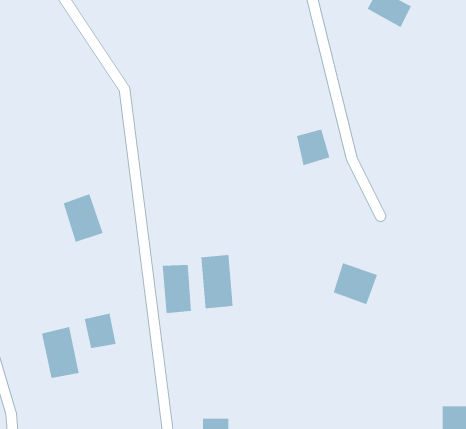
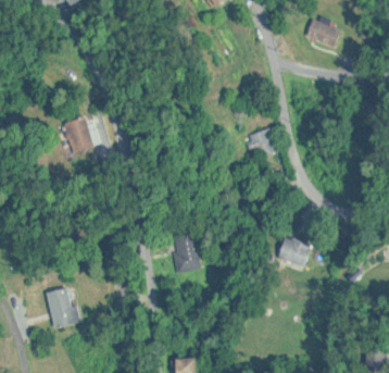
building: [63,194,104,243] -> [63,116,96,156]
building: [162,264,192,314] -> none
building: [84,313,116,349] -> none

